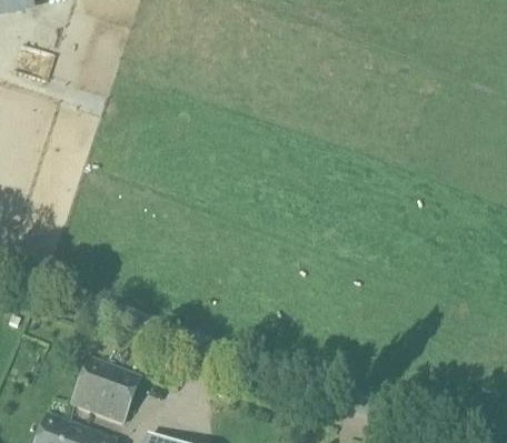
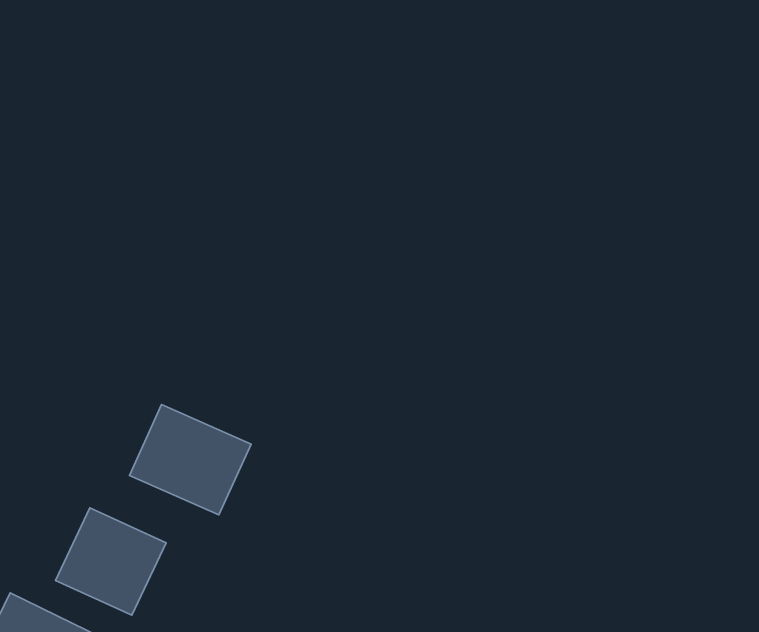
building: none -> [129,405,251,515]

